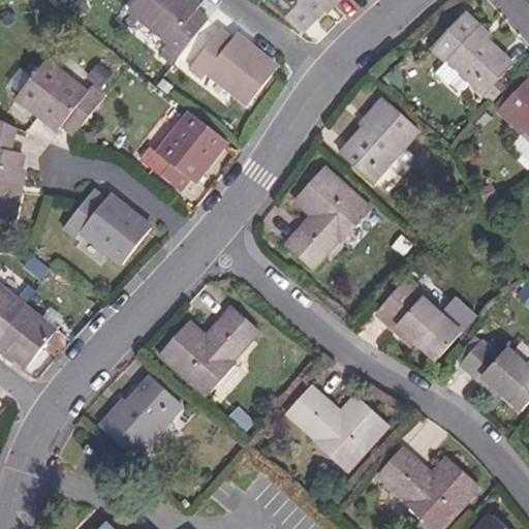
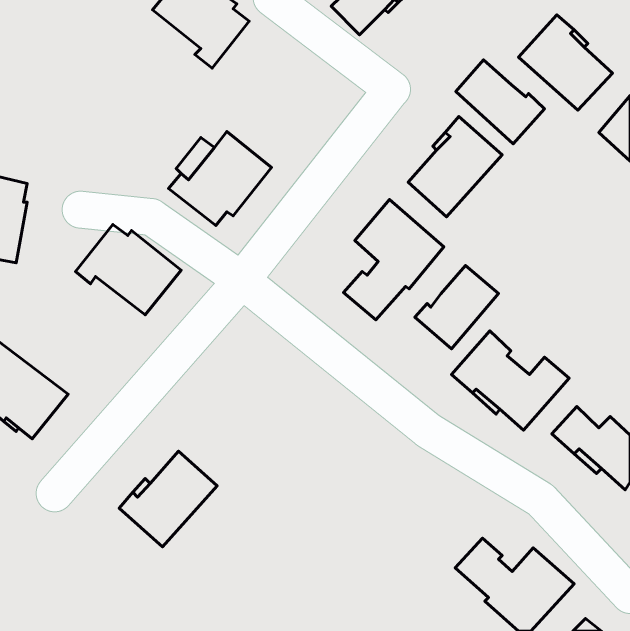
building: [188,27,277,103] -> none
building: none -> [456,60,545,144]
building: [15,58,103,134] -> none
building: none -> [415,265,499,349]
building: [160,308,257,395] -> none
building: [288,385,387,469] -> none

